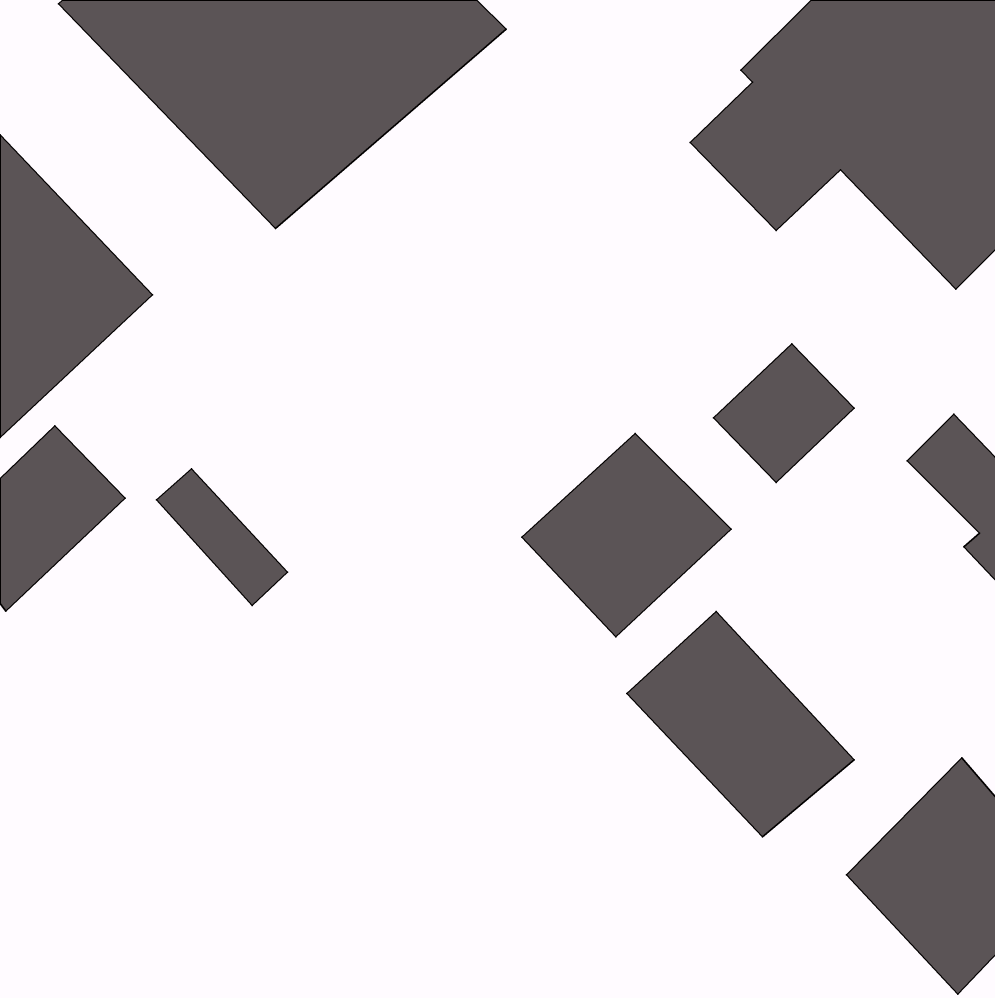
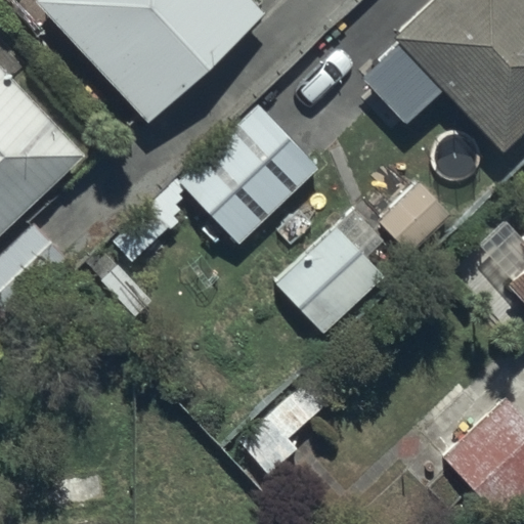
building: none -> [180,104,317,242]
building: [627,612,854,837] -> none

